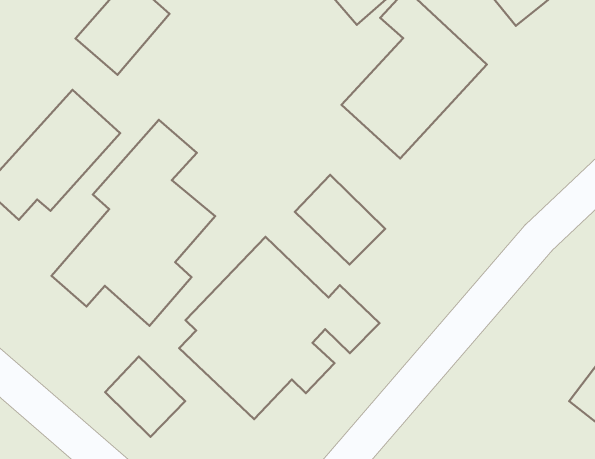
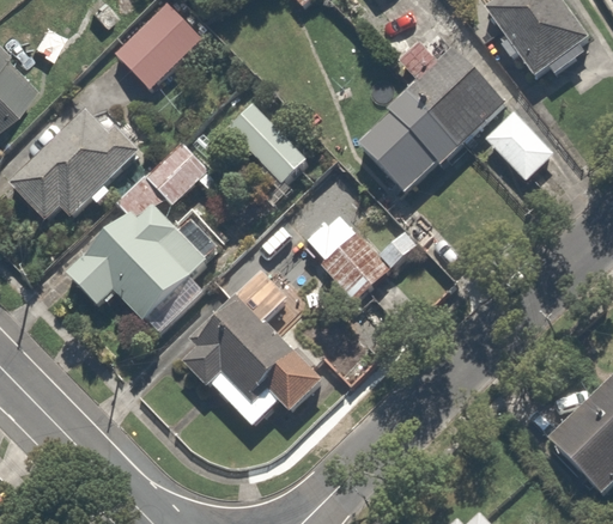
building: none -> [492,111,557,175]
building: none -> [229,100,308,184]
building: [105,357,185,437] -> none

